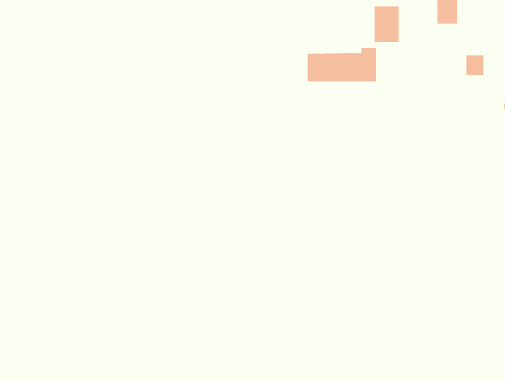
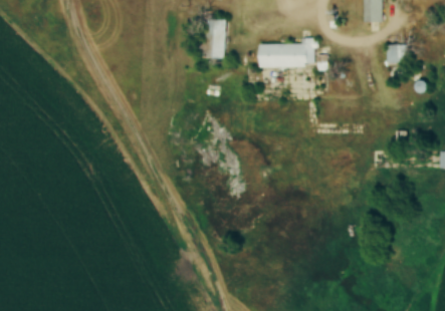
building: [374,5,399,43] -> none
building: none -> [203,19,225,59]

